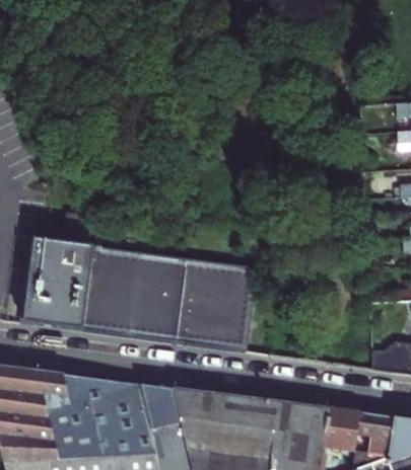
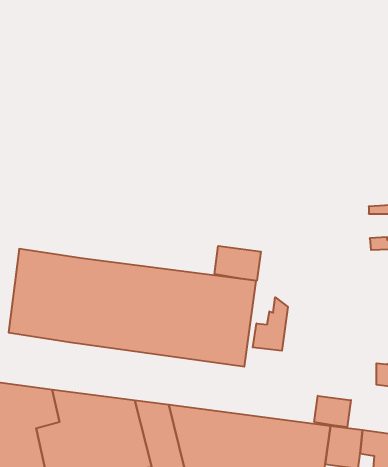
building: none -> [214,246,261,281]
building: none -> [253,297,288,351]
building: none -> [314,396,351,427]

